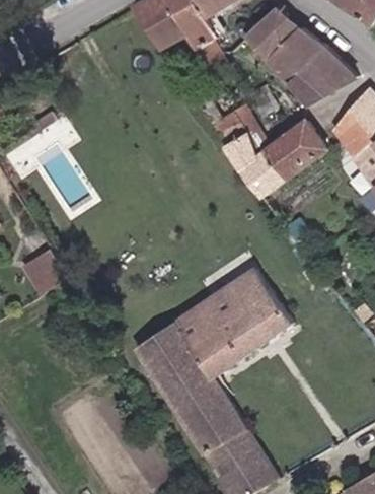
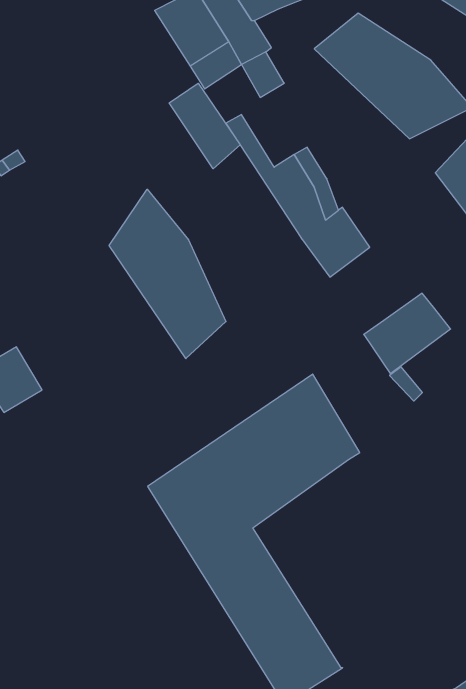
building: none -> [169,83,240,169]
building: [271,119,332,177] -> [364,293,451,375]
building: none -> [109,189,226,359]

